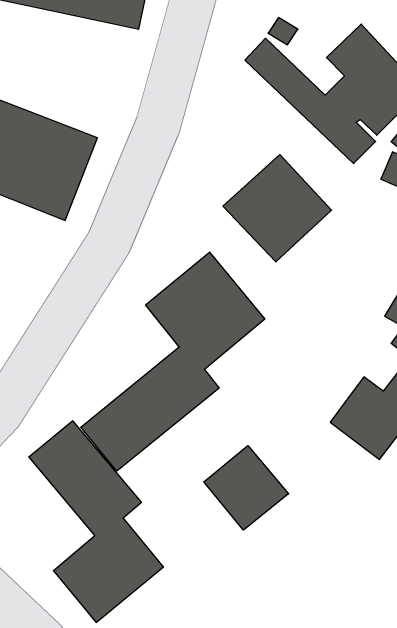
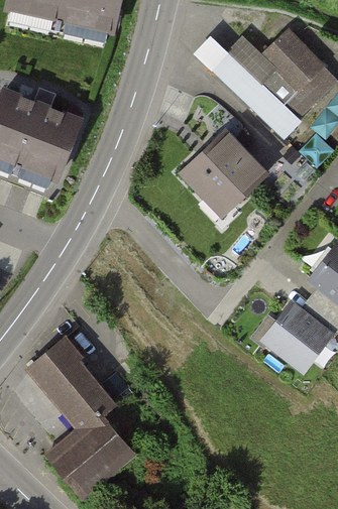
building: [81,252,265,471] -> none
building: [204,446,289,530] -> none

